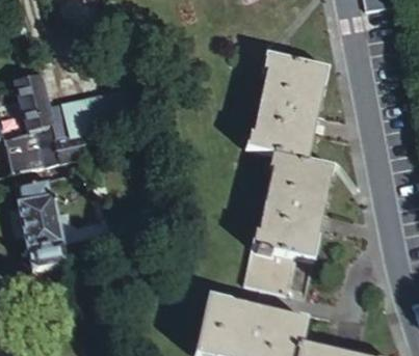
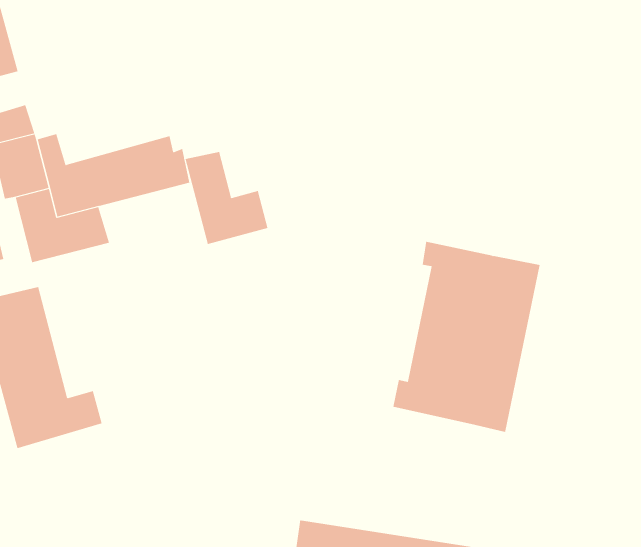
building: [243,51,326,157] -> none
building: none -> [185,151,268,245]
building: [242,243,297,293] -> none

